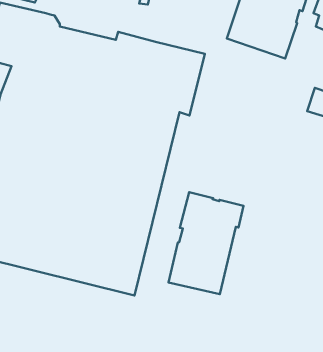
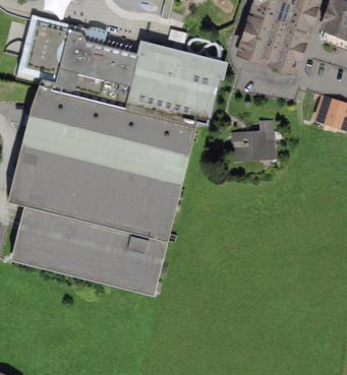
building: none -> [234,120,276,154]
building: [168,192,243,294] -> none

